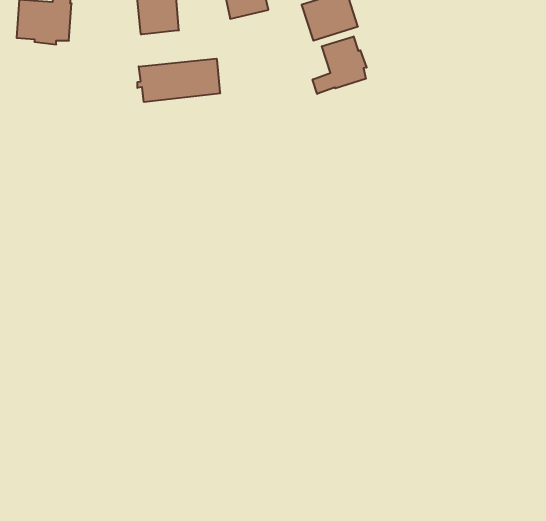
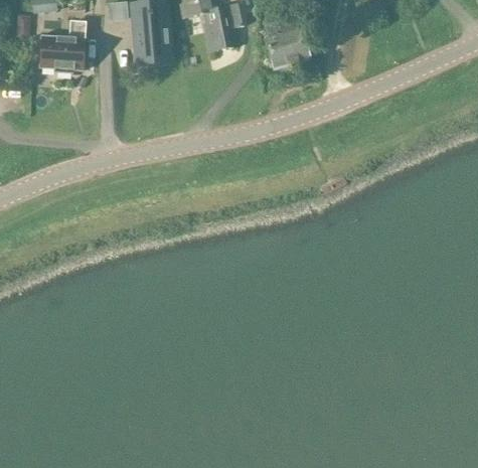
building: [313,36,367,94] -> none
building: [137,59,220,102] -> none

